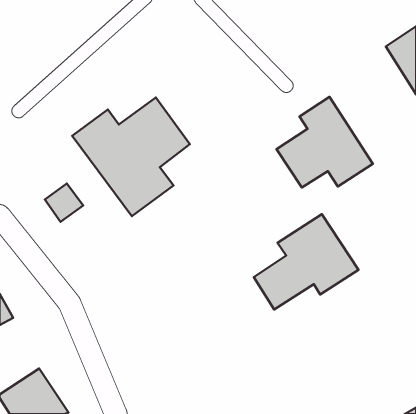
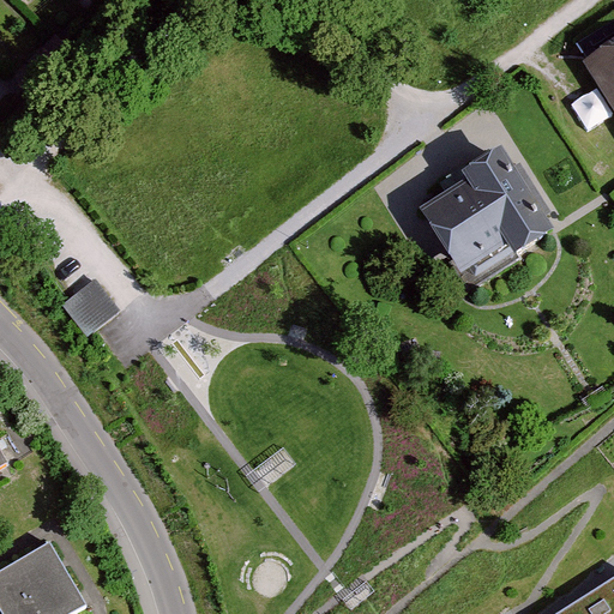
building: [72,97,190,216] -> none
building: [254,214,358,310] -> none

